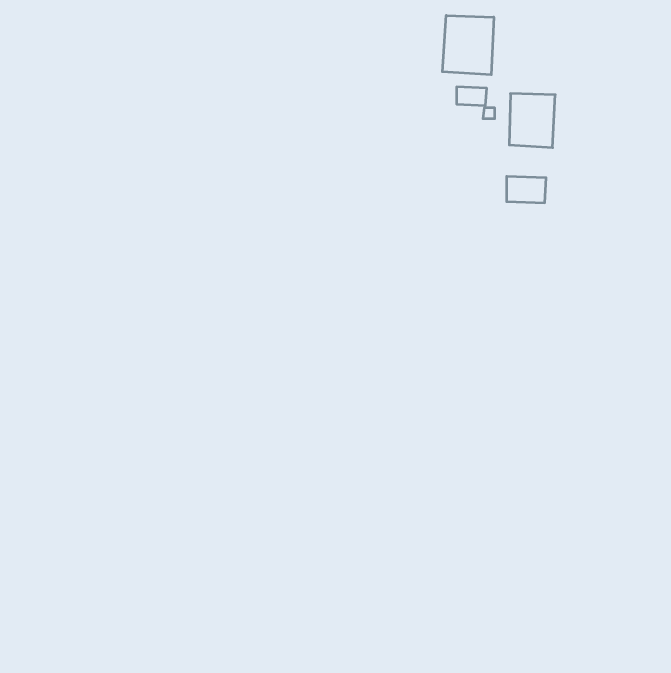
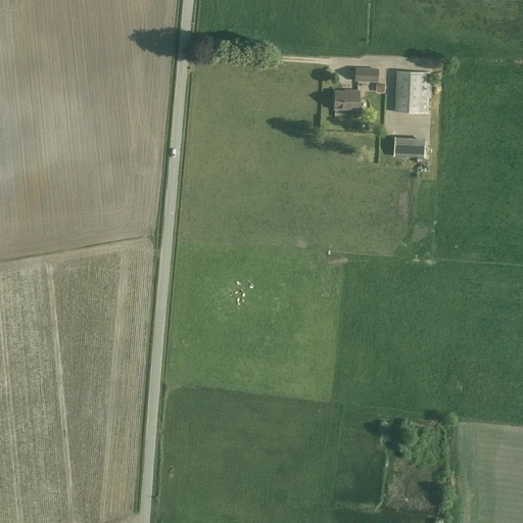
building: [442,15,494,75] -> none
building: none -> [332,90,359,109]

